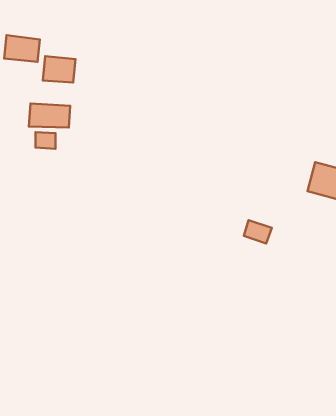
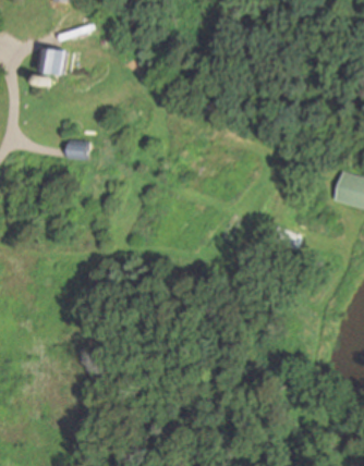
building: [43,56,76,82] -> none
building: [29,104,70,128] -> none

